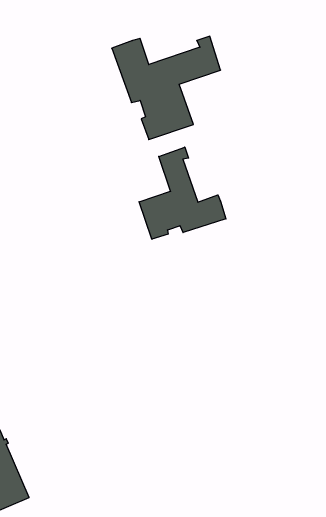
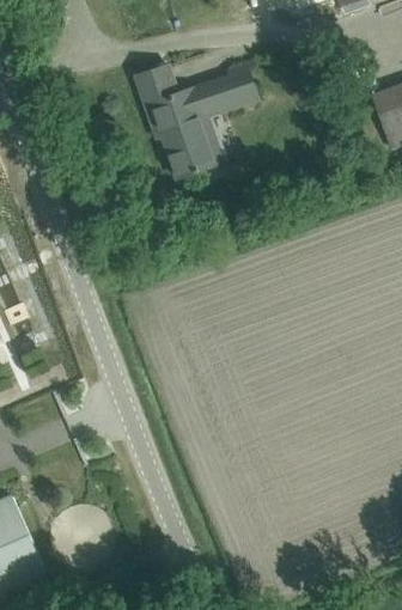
building: [139,147,226,239] -> none

